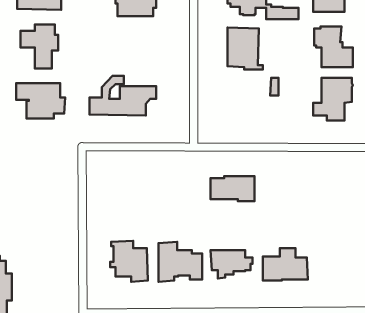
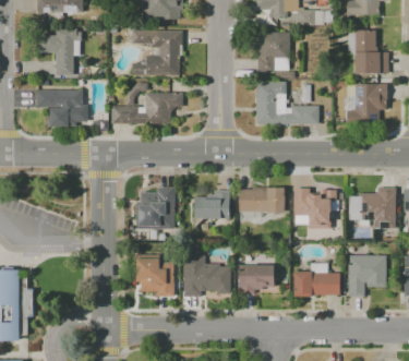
building: none -> [130,31,181,76]
building: none -> [254,82,317,127]
building: none -> [293,188,330,229]
building: none -> [348,188,395,229]
building: none -> [135,189,173,230]
building: none -> [194,191,230,219]
building: none -> [348,255,386,297]

